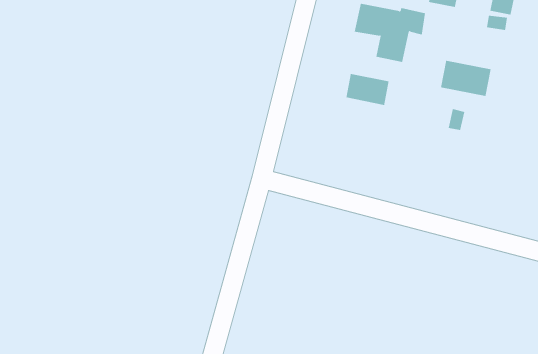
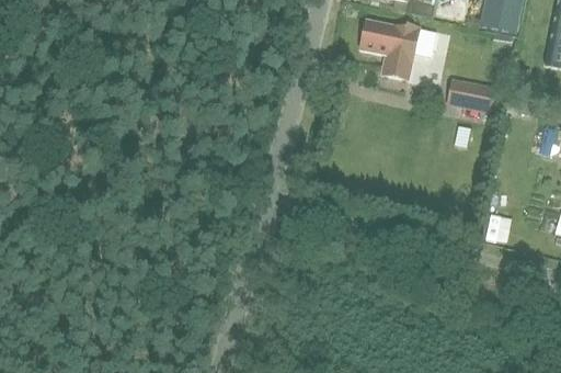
building: [346,73,389,106] -> none

